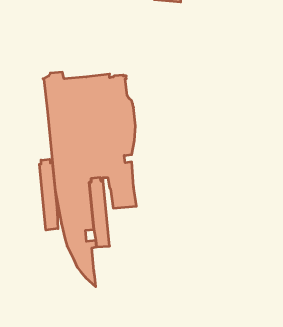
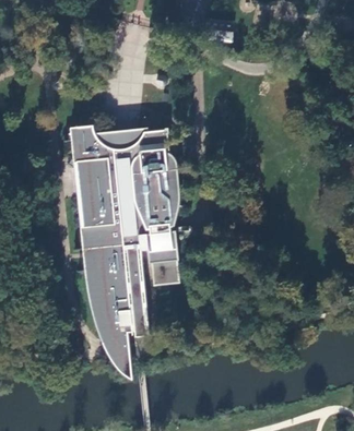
building: [39,159,58,230] -> none

